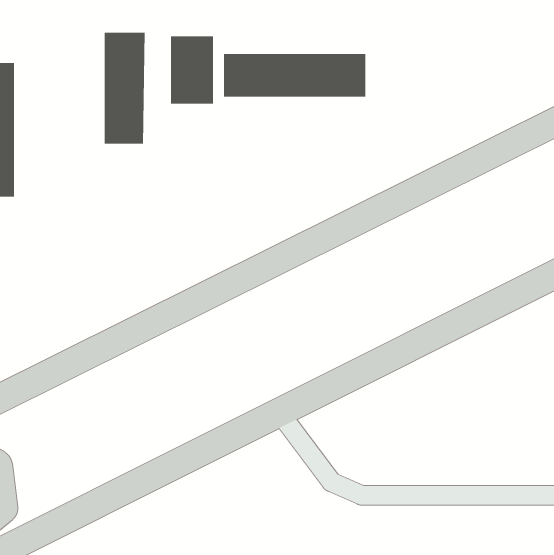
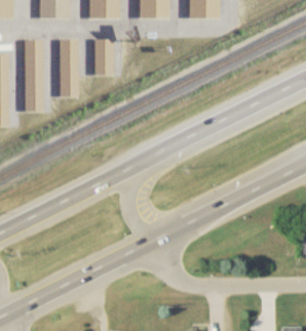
building: none -> [25,39,45,111]
building: [223,53,366,97] -> none

